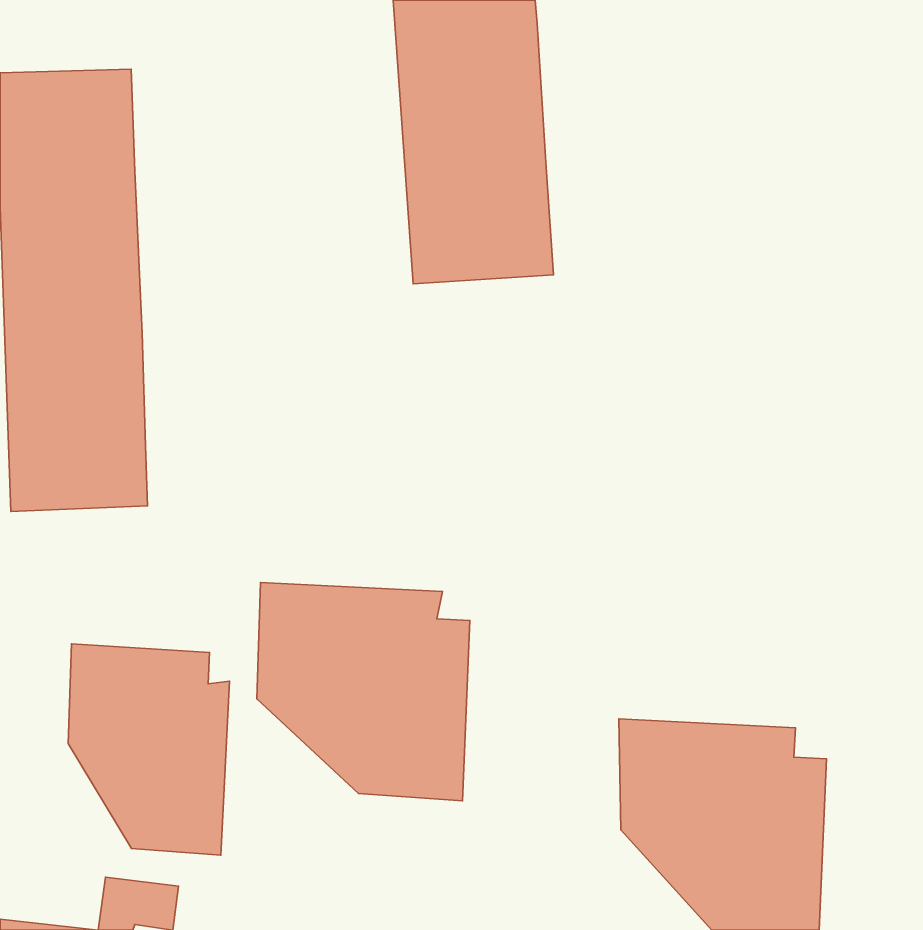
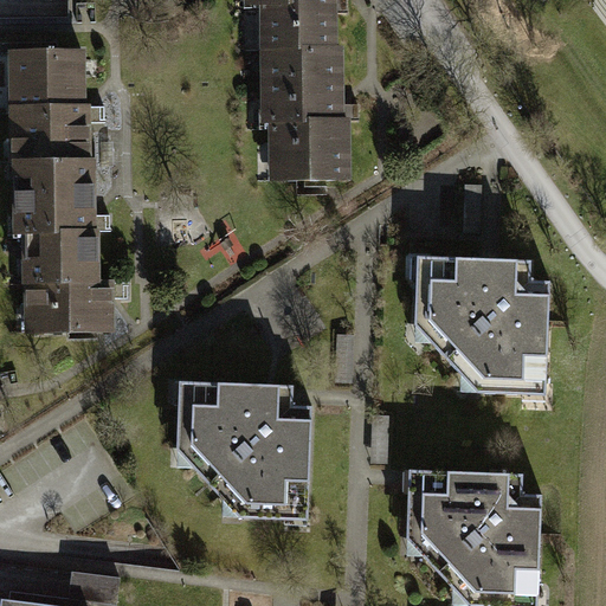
building: none -> [412,253,550,399]
building: [68,644,229,855] -> none

